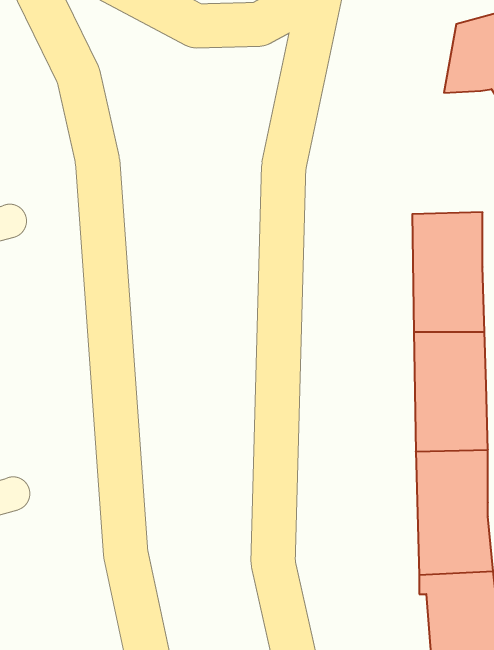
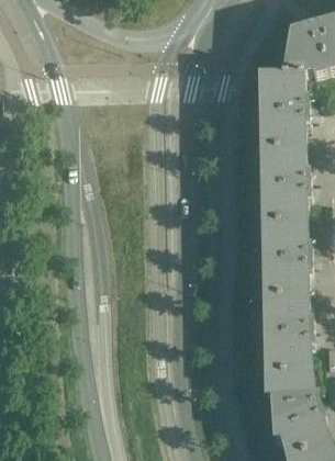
building: none -> [257,68,303,145]

